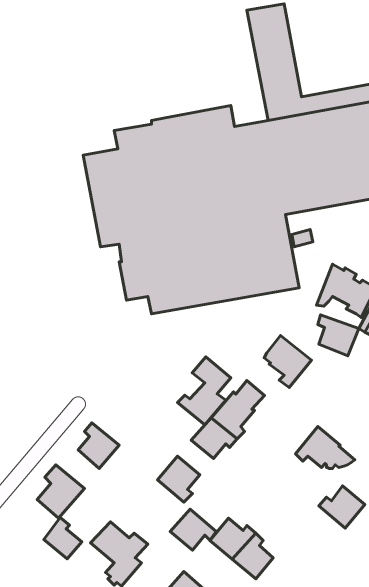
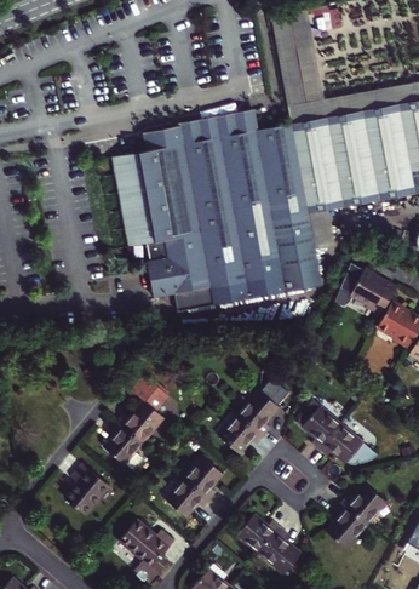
building: [318,315,359,356] -> none
building: [264,336,311,388] -> [293,399,339,450]
building: [177,357,231,425] -> [119,374,171,441]
building: none -> [325,501,366,547]
building: [170,509,216,550] -> [163,475,208,515]
building: [44,518,82,559] -> none

